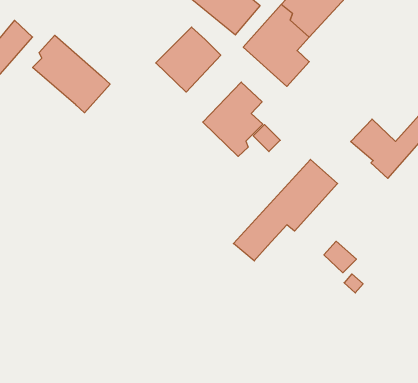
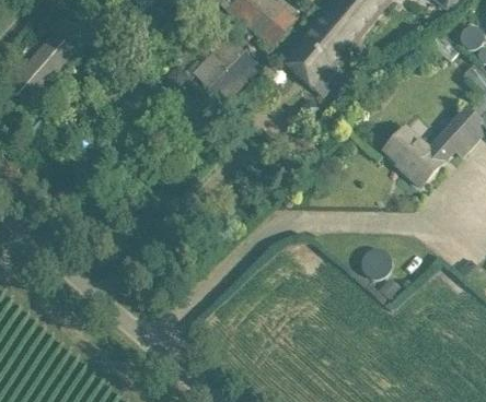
building: [33,35,110,113] -> none
building: [203,82,263,156] -> none
building: [233,159,338,261] -> none

